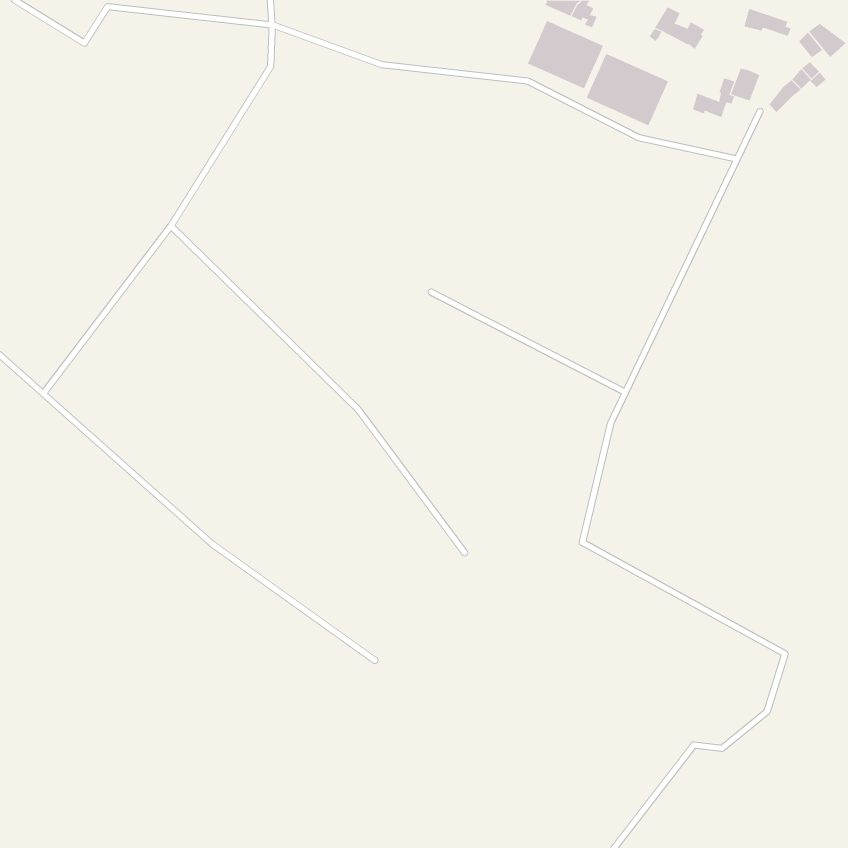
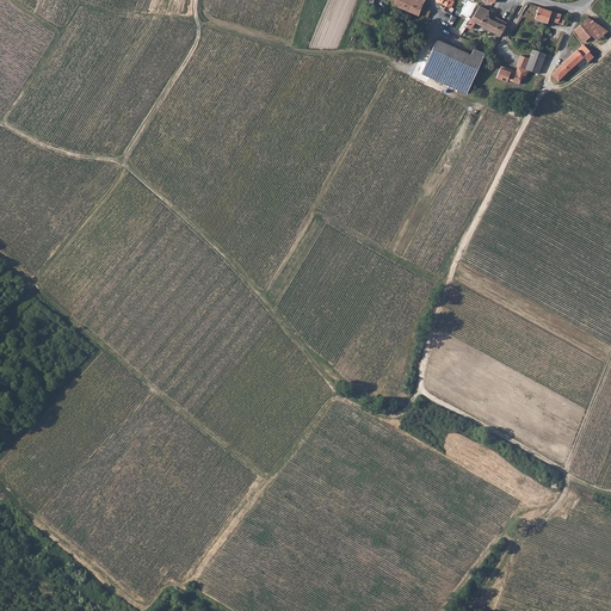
building: [527,20,604,89] -> none

